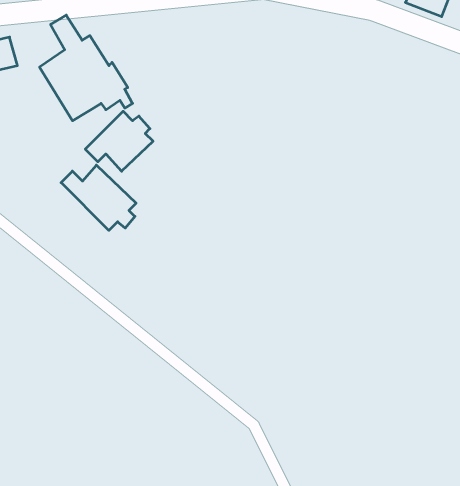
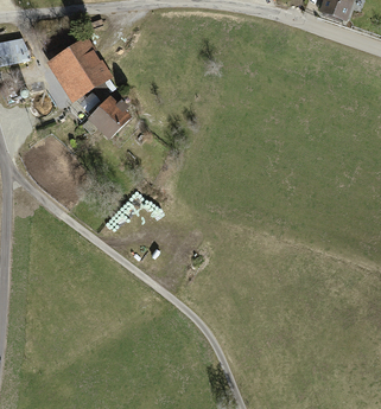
building: [61,165,136,230] -> none

